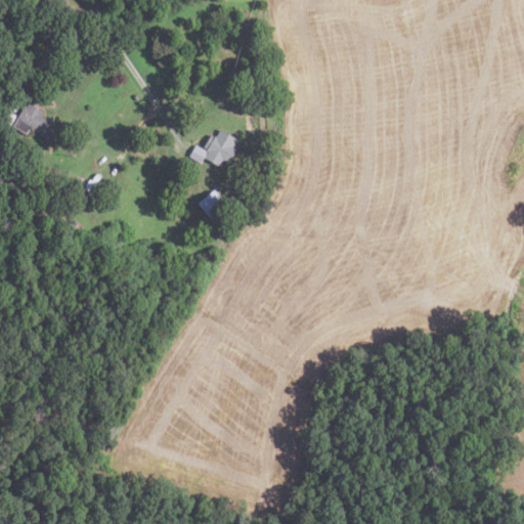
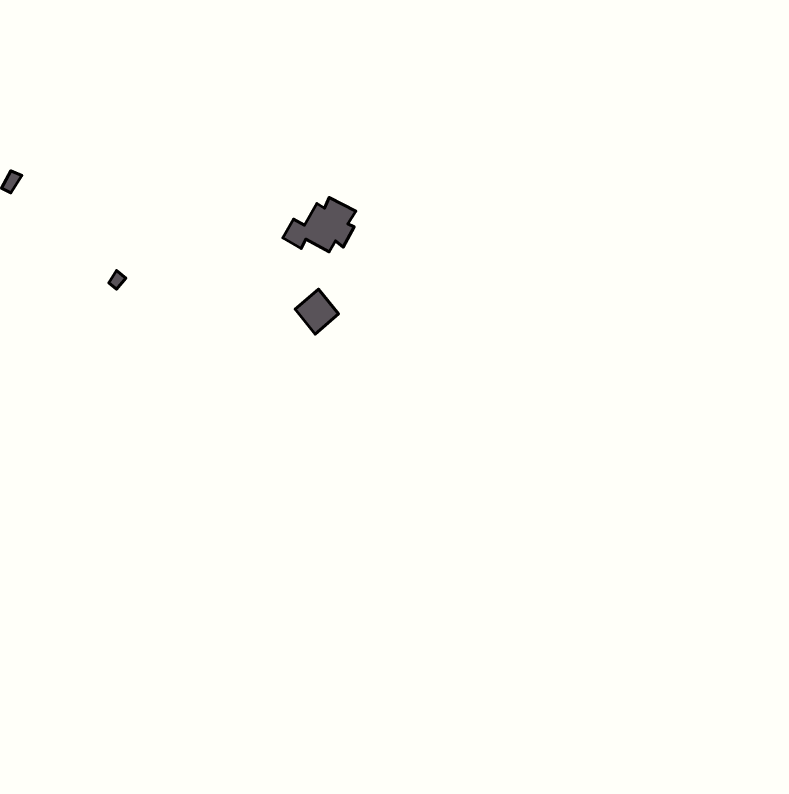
building: [13,103,58,141] -> none

